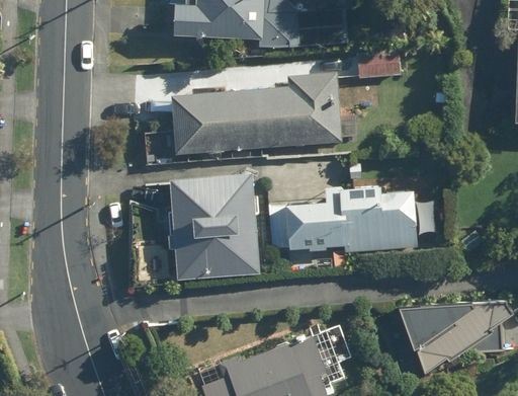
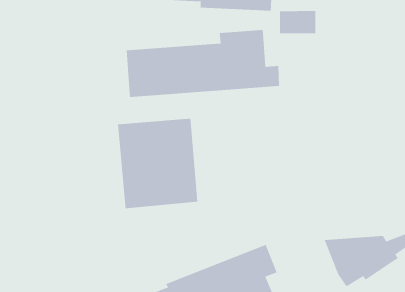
building: [269,185,439,253] -> none

